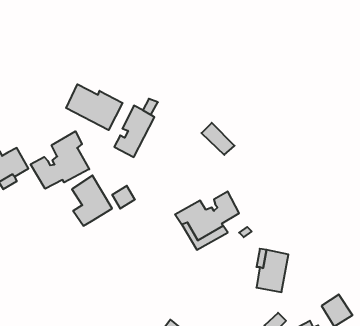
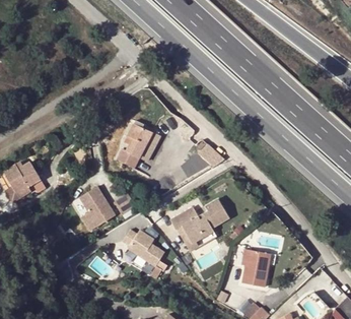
building: [66,84,123,130] -> none
building: [31,131,89,189] -> none
building: none -> [124,227,168,268]

